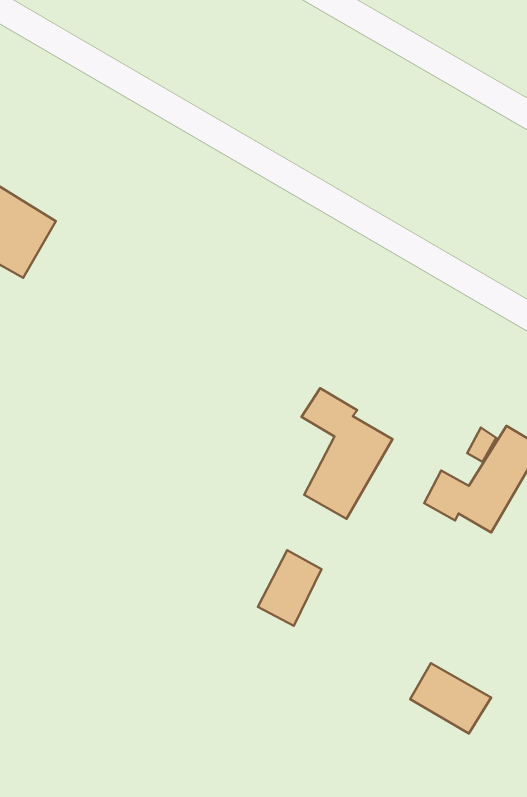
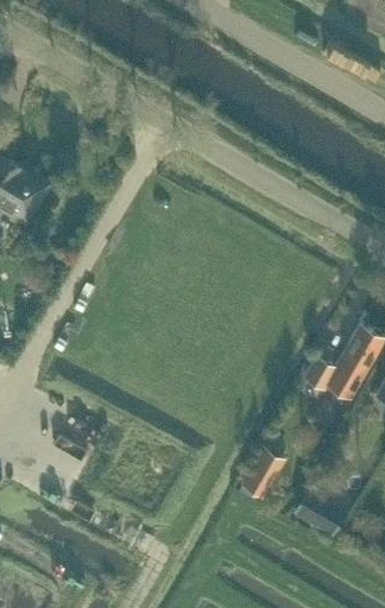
building: [301,388,393,519] -> none
building: [258,550,321,626] -> [242,449,286,501]

